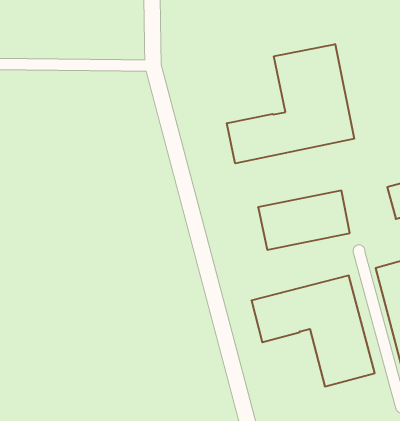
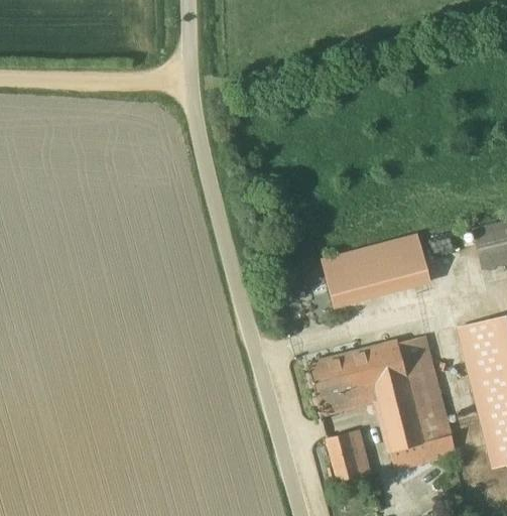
building: [227,44,354,163] -> none
building: none -> [327,433,365,494]

